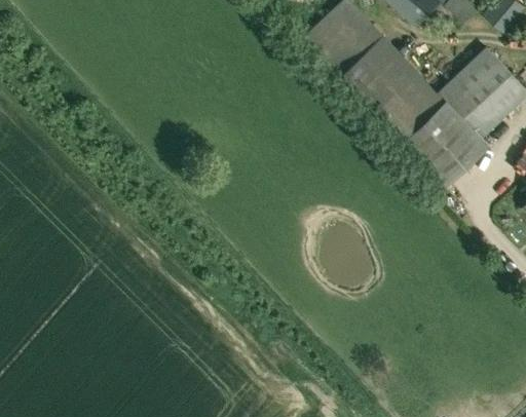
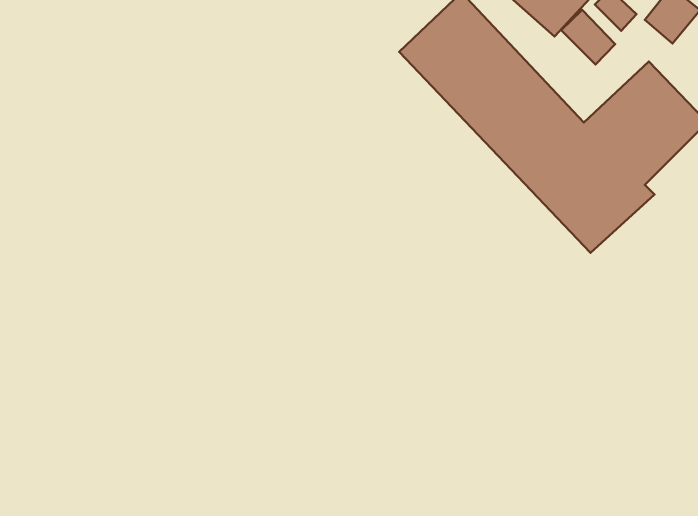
building: none -> [561,10,615,65]

